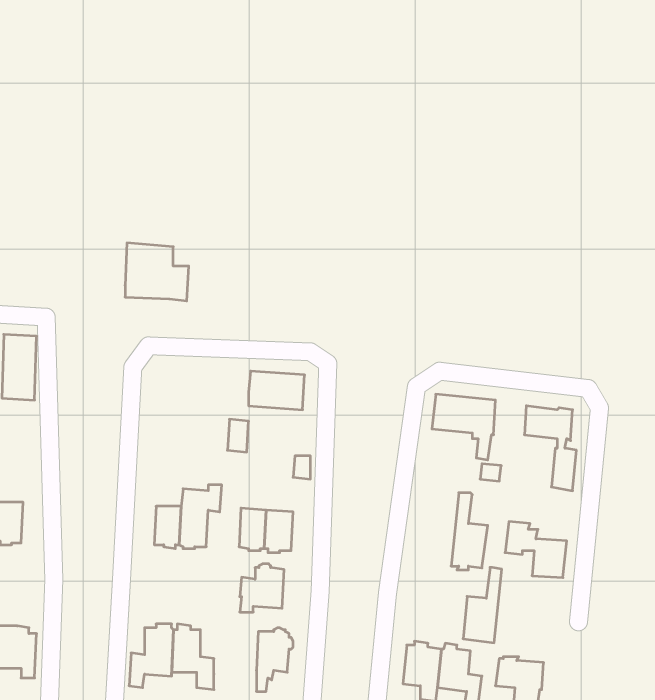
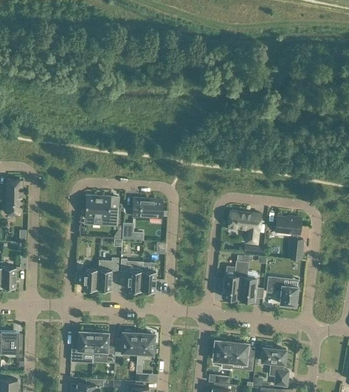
building: [125,243,189,301] -> [85,196,118,226]
building: [240,564,284,612] -> [115,331,138,356]
building: [463,567,502,643] -> [222,261,242,300]

